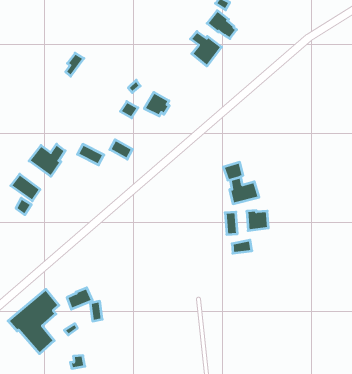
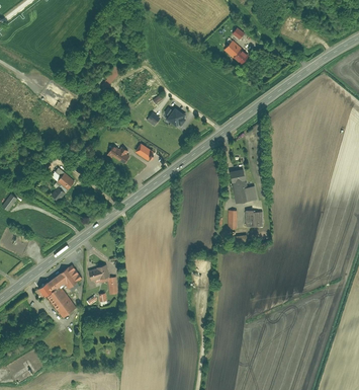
building: [190,31,222,66] -> none
building: [29,144,65,176] -> none

